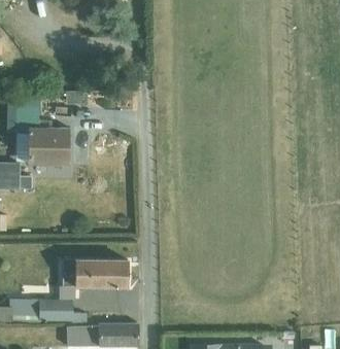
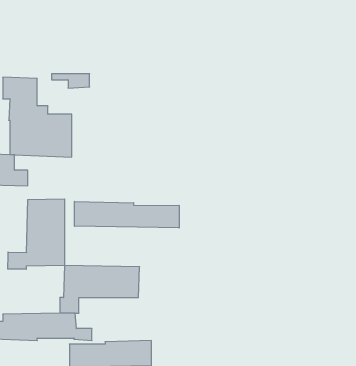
building: none -> [8,199,65,269]
building: none -> [75,201,179,228]

